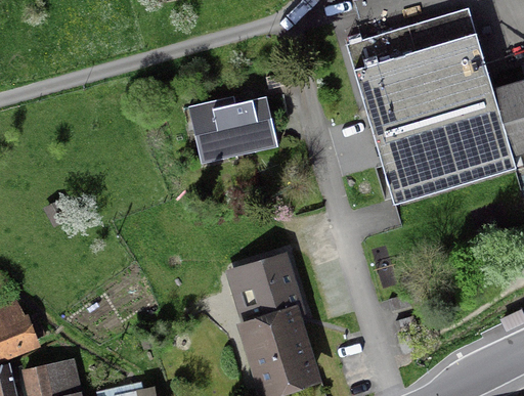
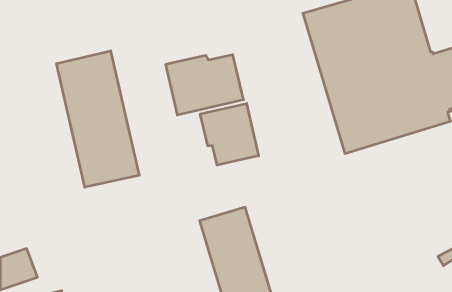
building: none -> [57,51,139,187]
building: none -> [200,103,259,165]

